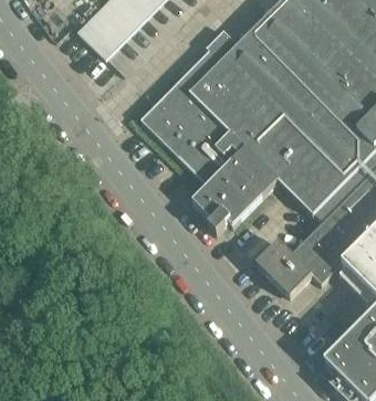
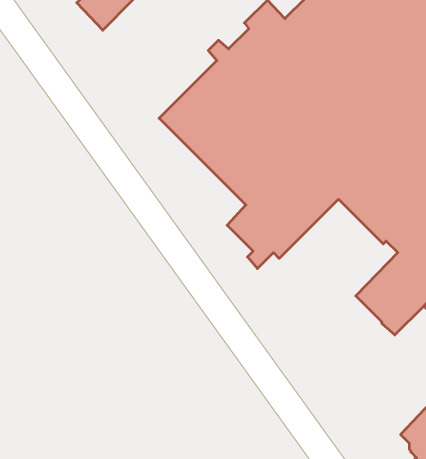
building: [257,241,312,297] -> none

